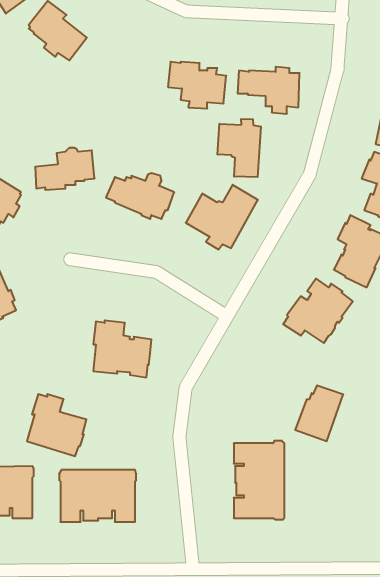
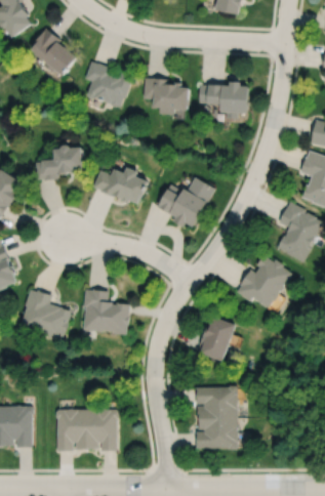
building: none -> [84,61,132,109]
building: [218,119,261,177] -> none
building: [295,386,343,441] -> [197,315,236,360]
building: [27,394,86,456] -> [22,288,70,338]

